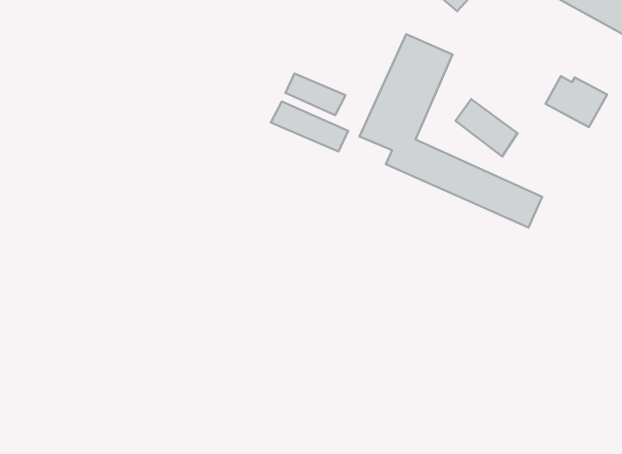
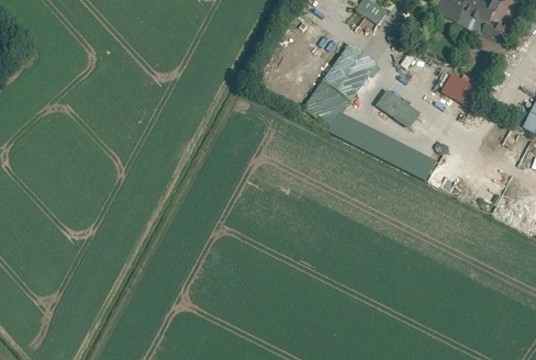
building: [285,74,345,115] -> none
building: [271,101,348,151] -> none

